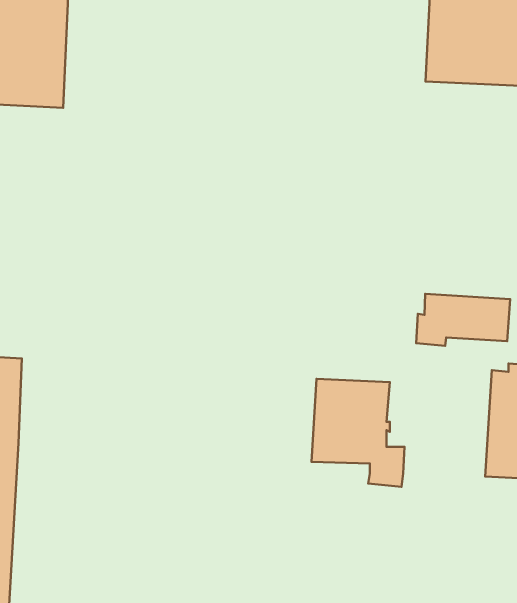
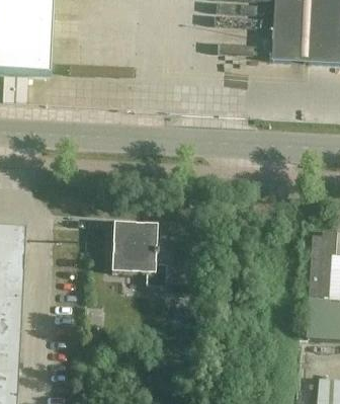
building: [416,294,510,346] -> none
building: [312,379,405,487] -> [110,222,167,288]

